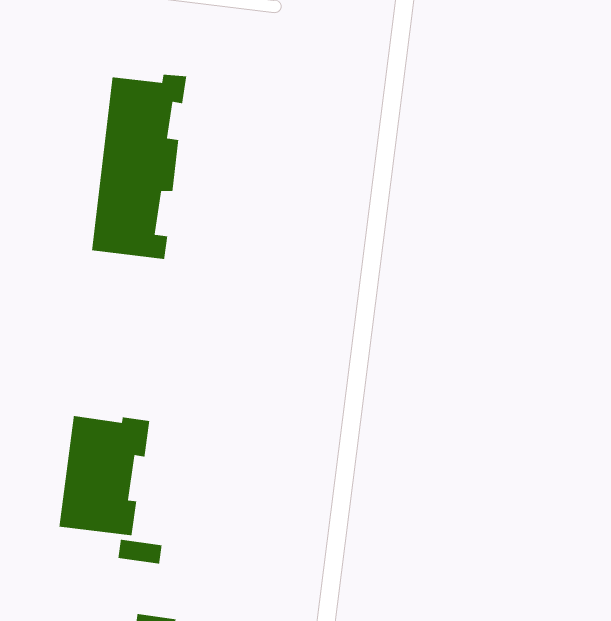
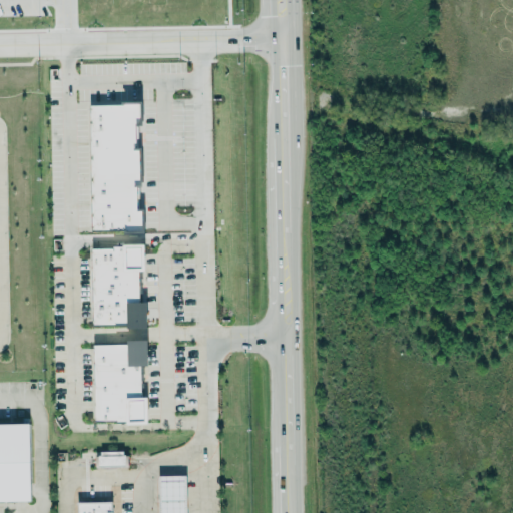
building: none -> [92,239,148,327]
building: [117,539,163,565] -> [96,453,126,467]

